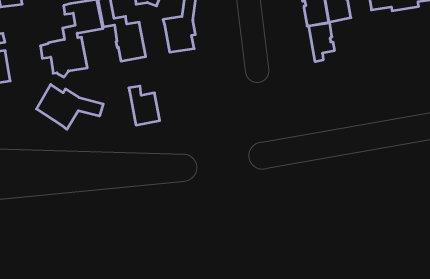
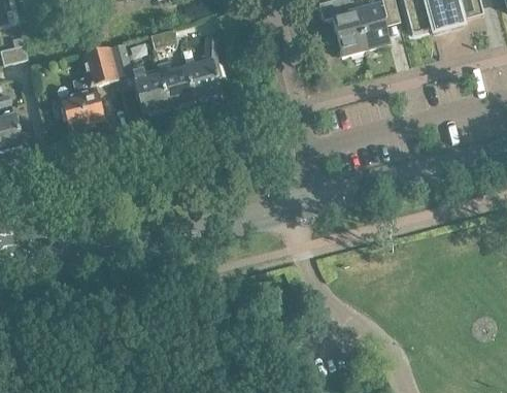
building: [309,23,334,62] -> none
building: [36,84,103,129] -> none
building: [129,86,160,125] -> [157,61,194,104]

